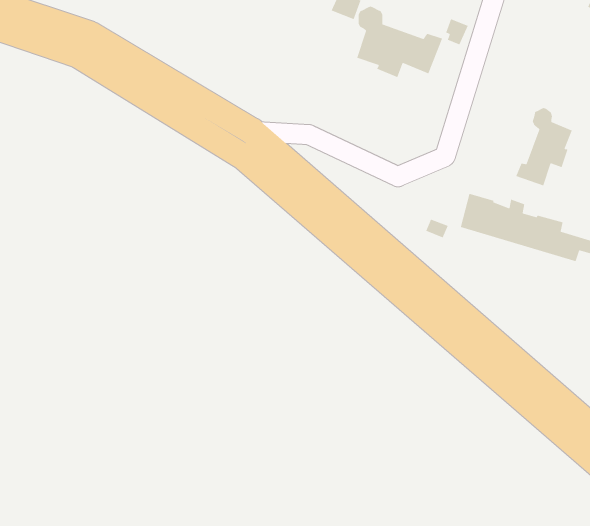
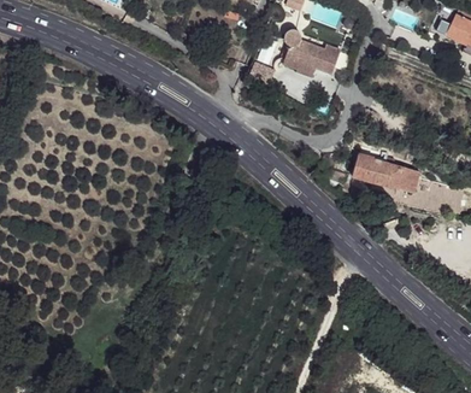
building: [515,107,573,186] -> none

